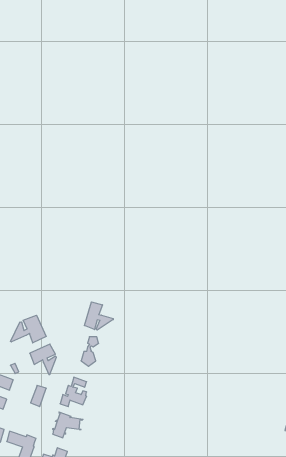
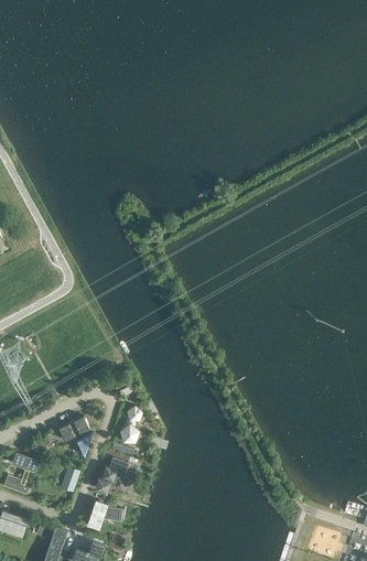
building: [84,302,113,330] -> none
building: [11,315,46,343] -> none

